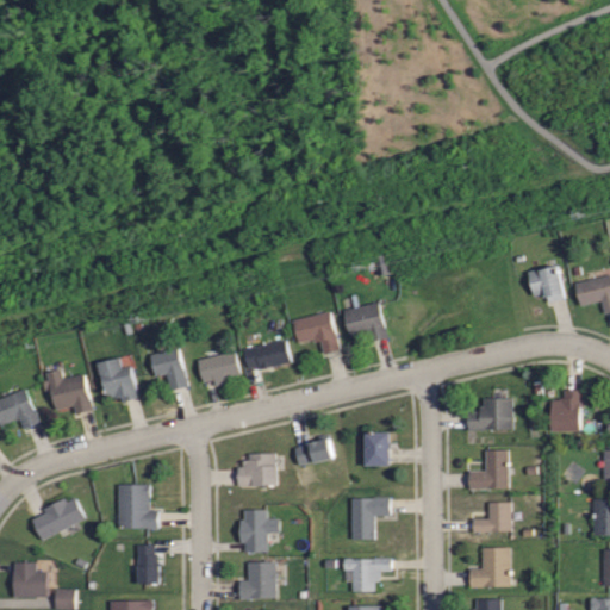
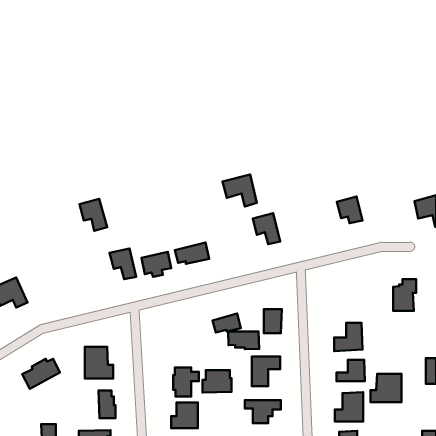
building: [530,266,566,303] -> [337,197,362,223]
building: [295,311,343,355] -> [223,175,257,206]
building: [102,357,141,402] -> [80,199,107,231]
building: [44,367,92,416] -> none
building: [466,399,511,432] -> none
building: [237,455,278,486] -> [202,370,232,393]
building: none -> [228,331,259,349]
building: none -> [371,374,402,402]
building: [13,562,48,598] -> none

